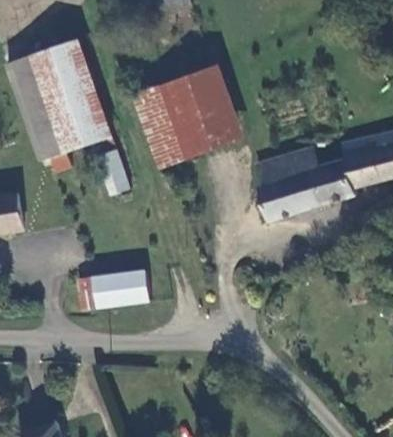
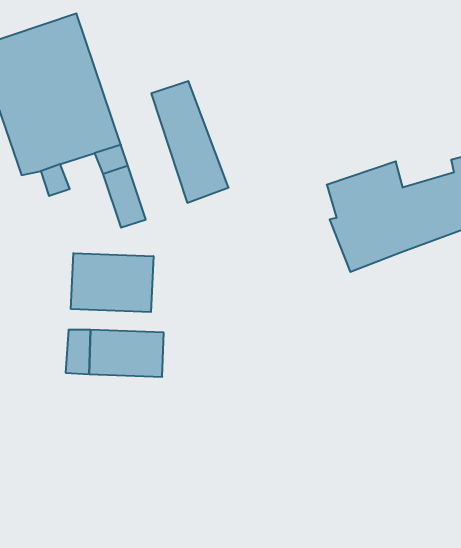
building: [160,65,247,165] -> none
building: none -> [71,253,153,312]

